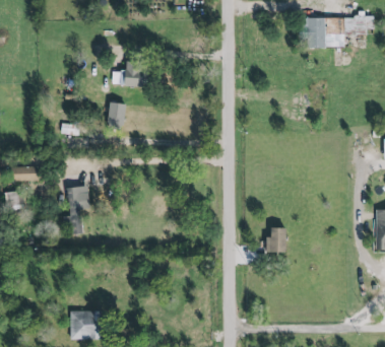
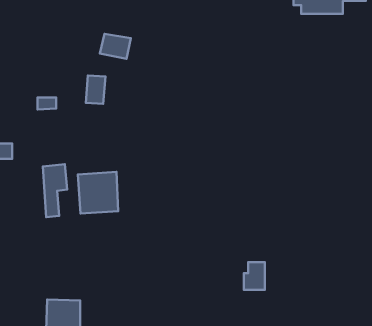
building: none -> [78,172,118,214]
building: [268,226,287,252] -> [244,262,265,290]

